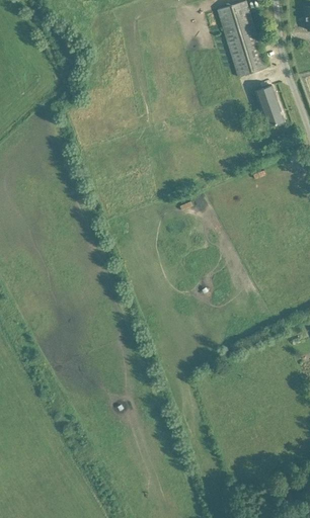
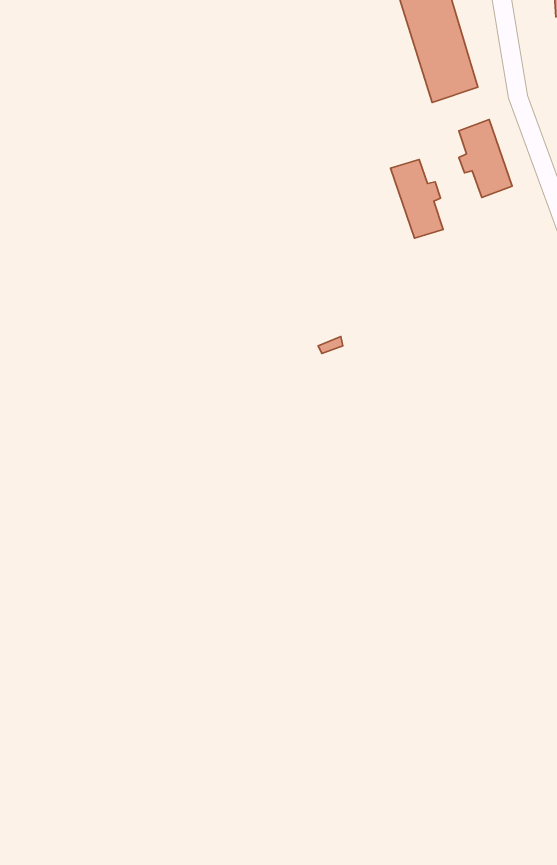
building: none -> [391,160,443,238]

